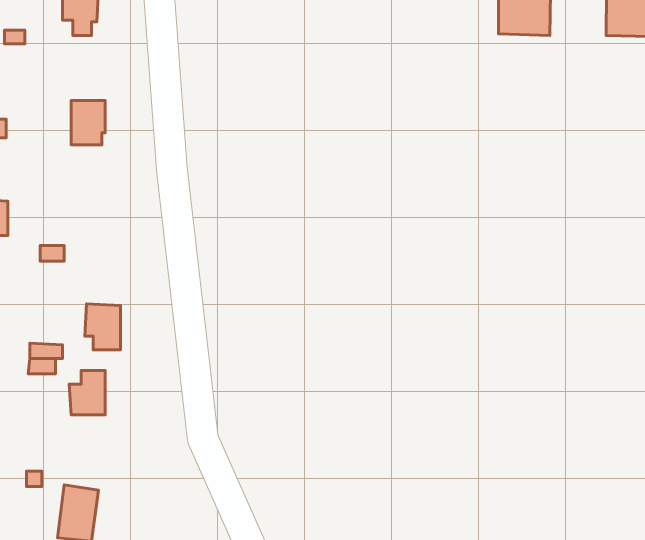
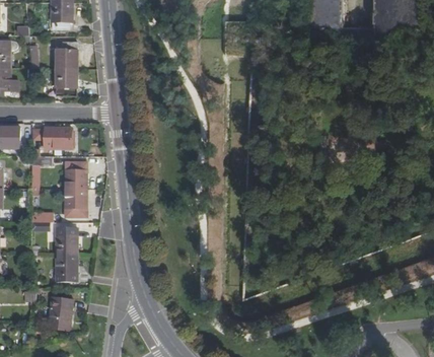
building: none -> [57,43,77,68]
building: none -> [45,127,74,148]
building: none -> [66,162,87,190]
building: none -> [56,255,77,281]

